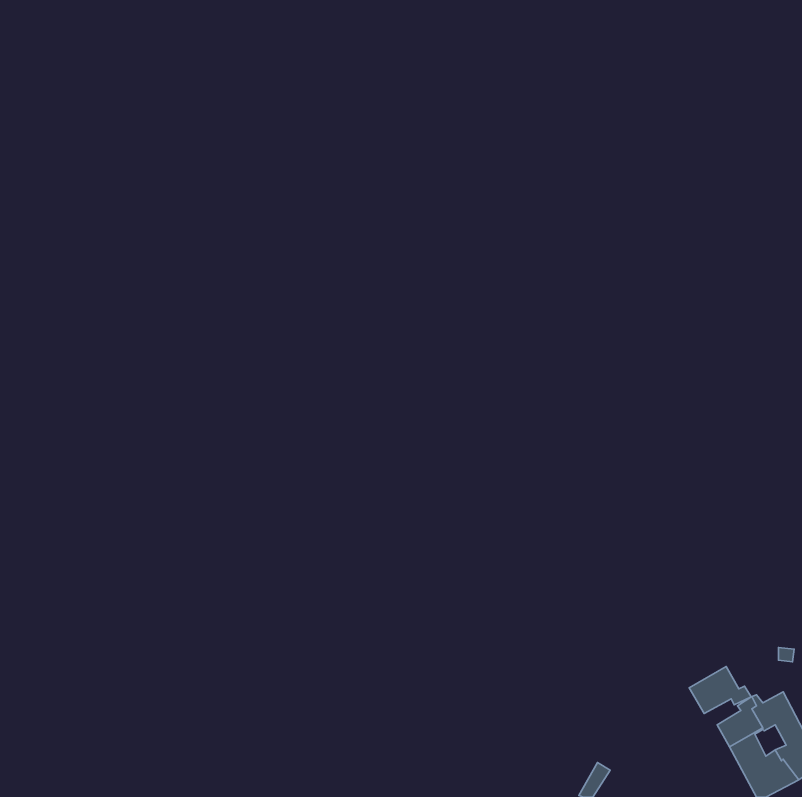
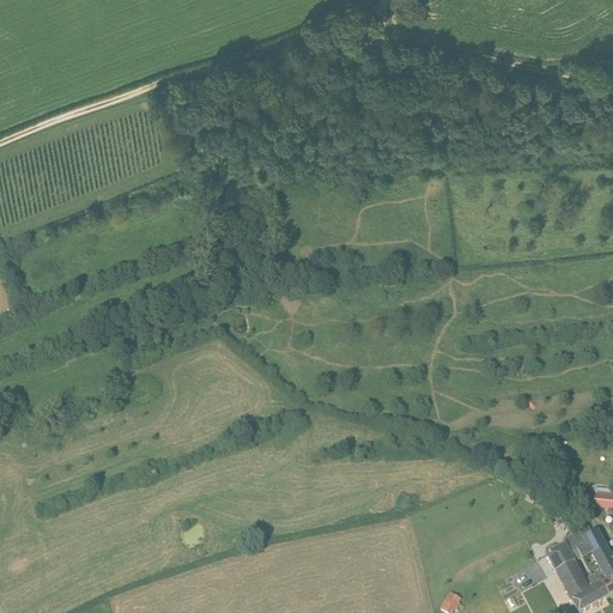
building: [689,667,751,714] -> none

